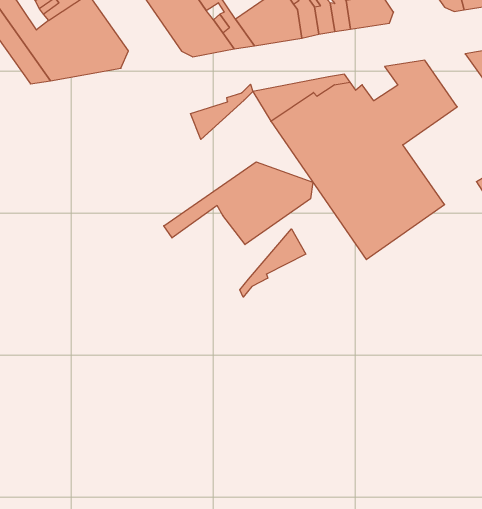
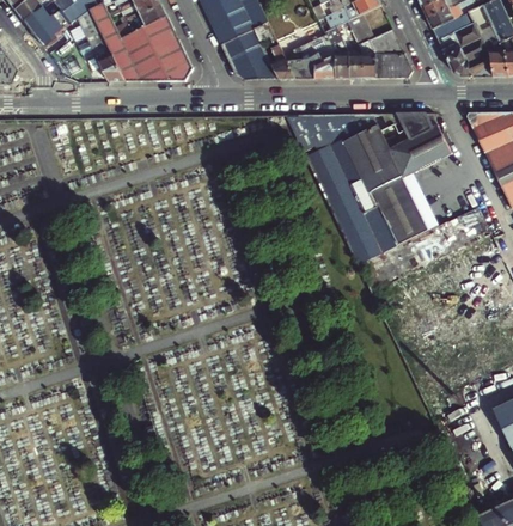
building: [191,84,253,139] -> none
building: [164,162,313,245] -> none
building: [240,229,306,297] -> none

